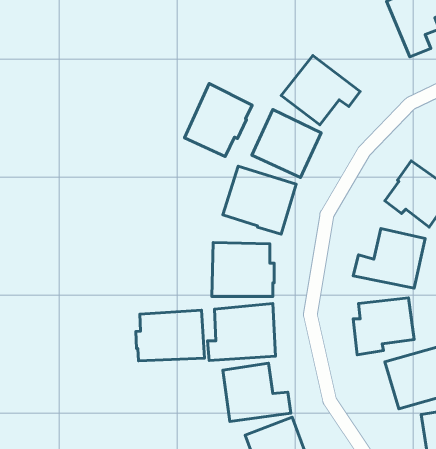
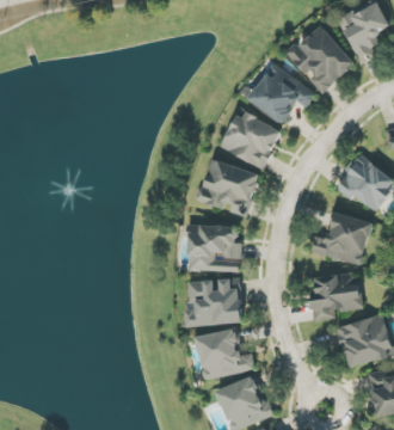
building: none -> [287,24,355,93]
building: [184,84,252,156] -> none
building: [136,310,205,361] -> none

